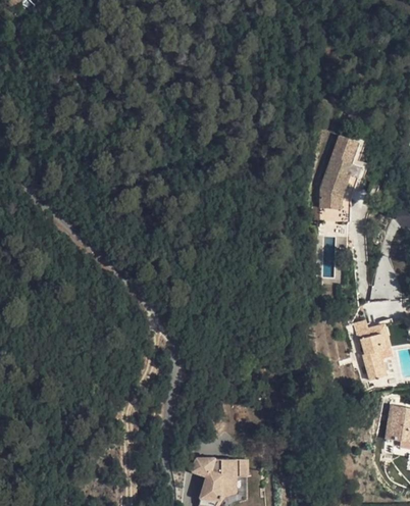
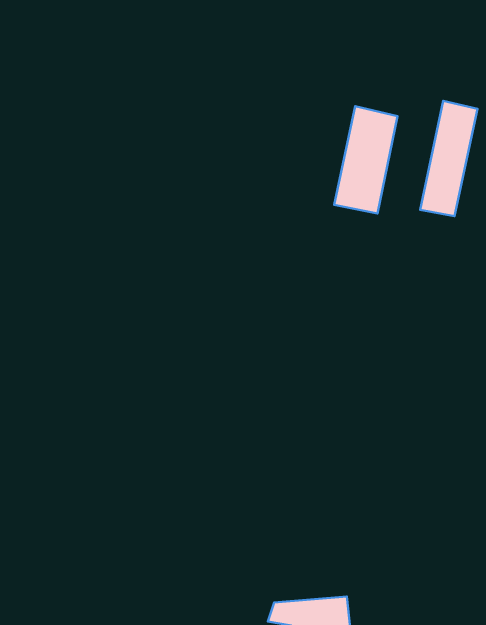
building: none -> [334,106,398,214]

